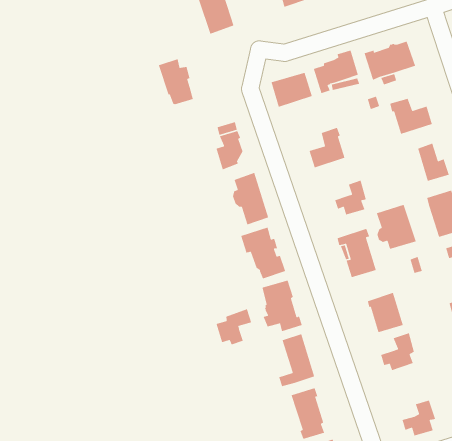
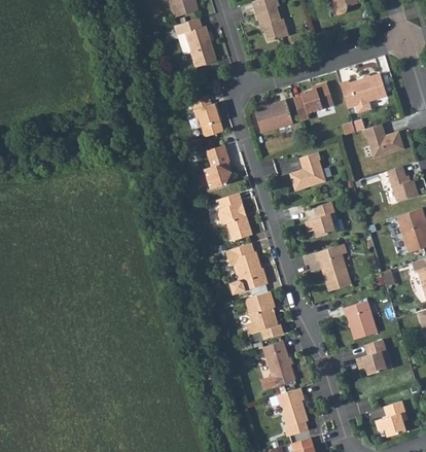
building: [158,58,194,105] -> [189,95,222,138]
building: [376,204,417,250] -> none
building: [216,308,252,345] -> none

